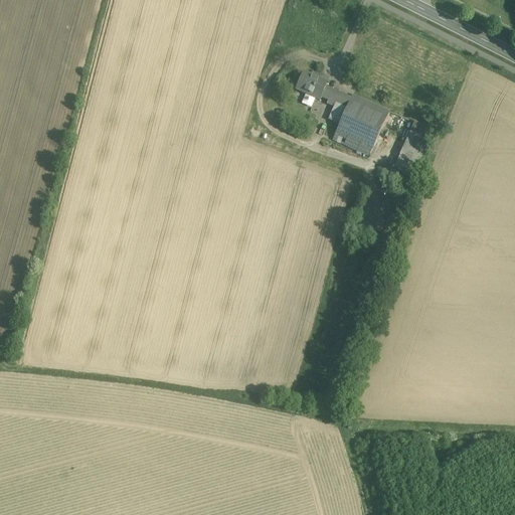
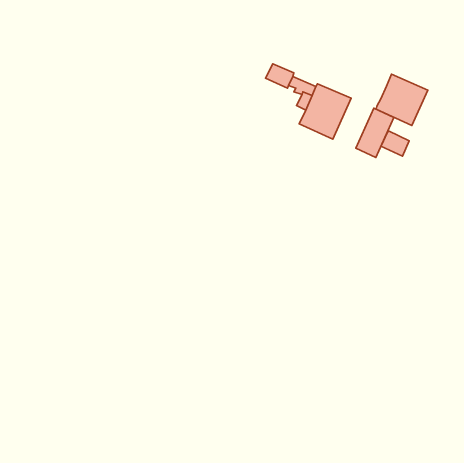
building: none -> [376,74,428,126]
building: none -> [381,131,409,156]

